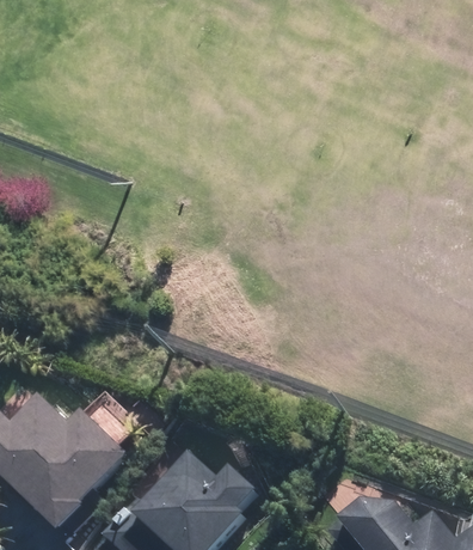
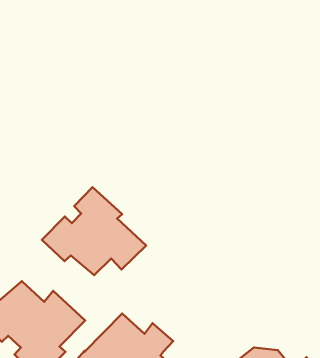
building: none -> [42,187,146,275]

